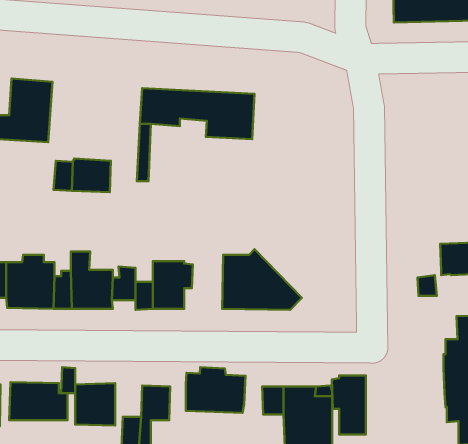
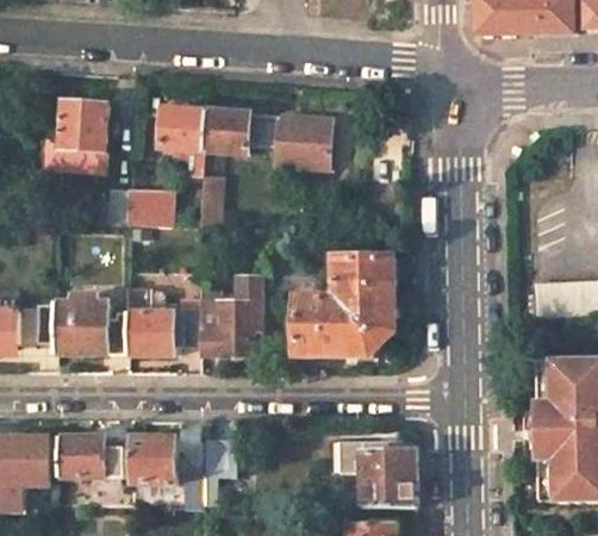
building: none -> [160,106,205,150]
building: none -> [329,255,393,342]
building: [186,367,246,413] -> none
building: [332,376,366,434] -> none

